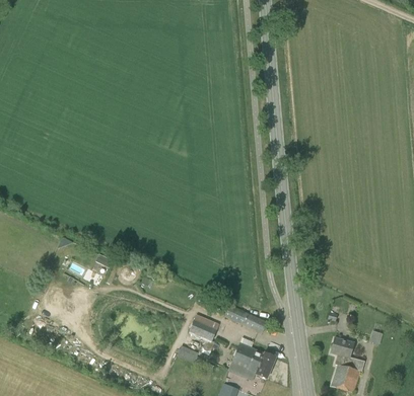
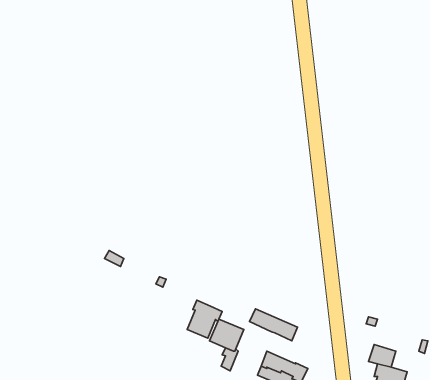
building: none -> [187,300,222,338]

